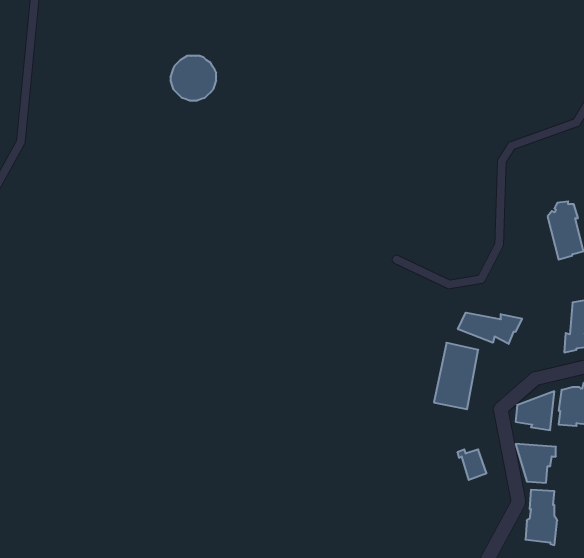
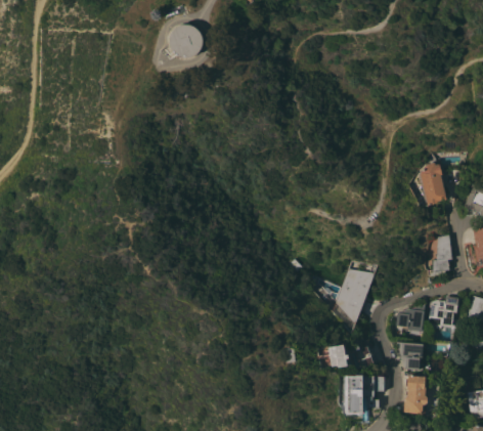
building: [170,56,216,100] -> [168,26,202,58]
building: [458,313,522,344] -> none
building: none -> [324,342,351,371]
building: none -> [346,373,380,418]

